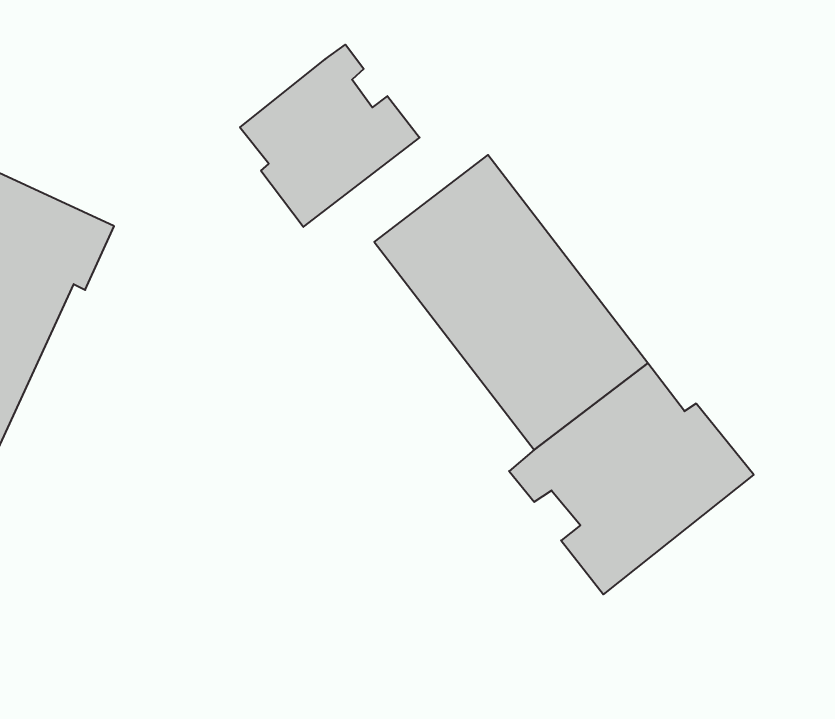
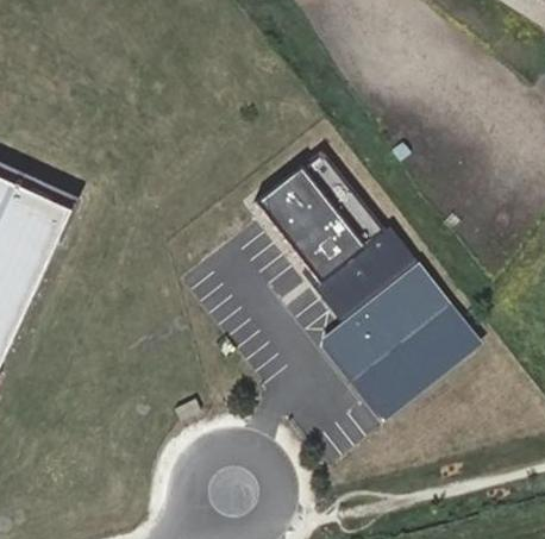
building: [240,45,420,227] -> none

